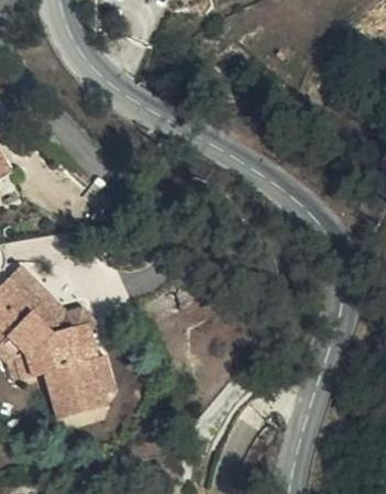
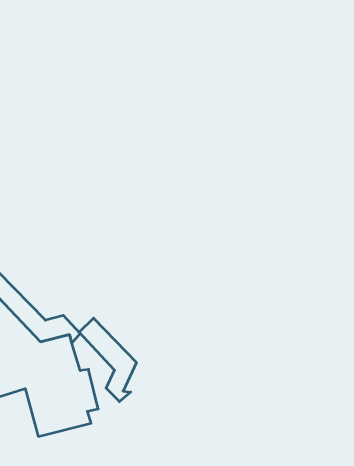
building: none -> [79,318,136,402]

